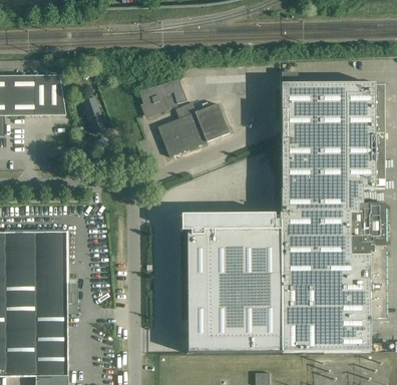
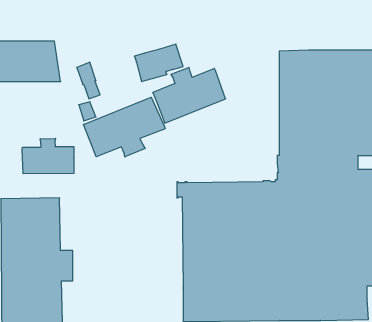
building: none -> [83,97,165,157]
building: none -> [22,138,74,174]

